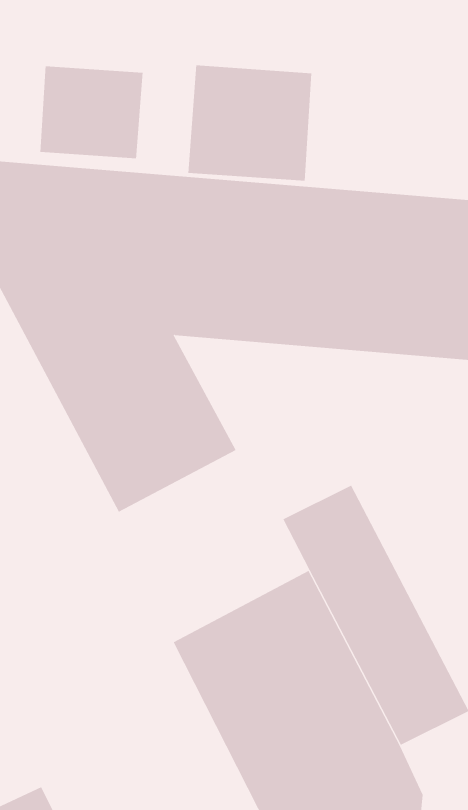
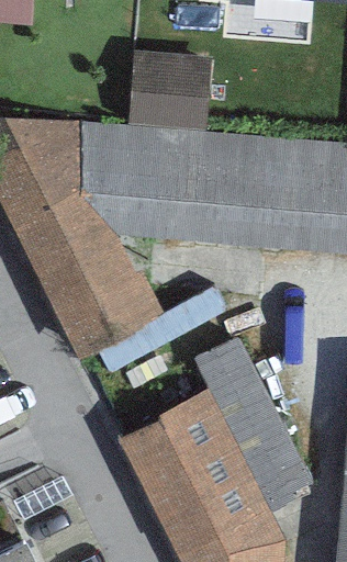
building: [40,66,143,159] -> none

